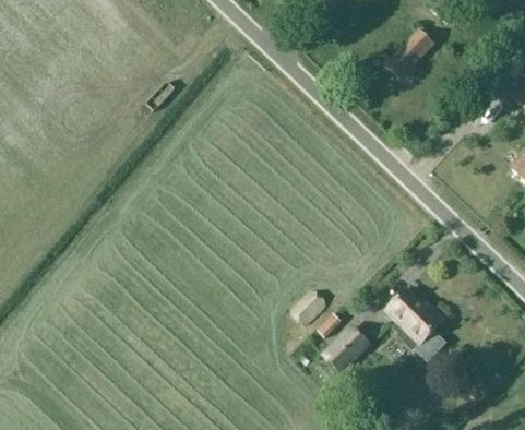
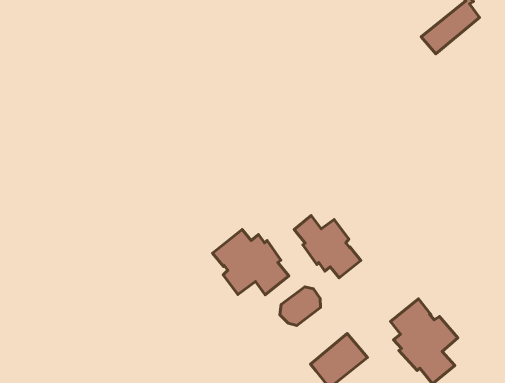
building: none -> [294,215,361,278]
building: none -> [213,229,289,295]

